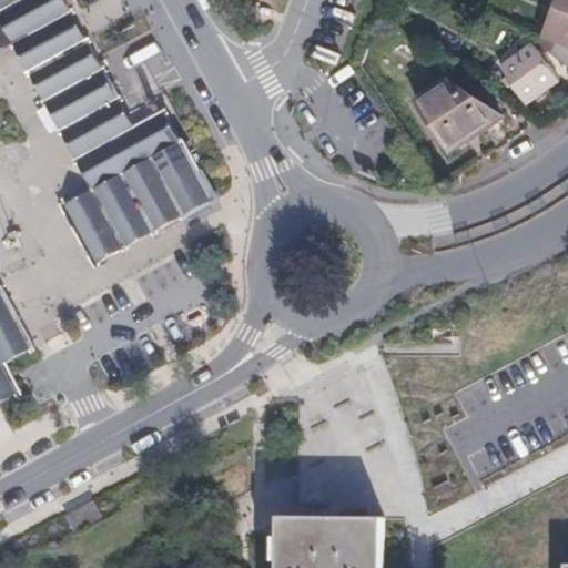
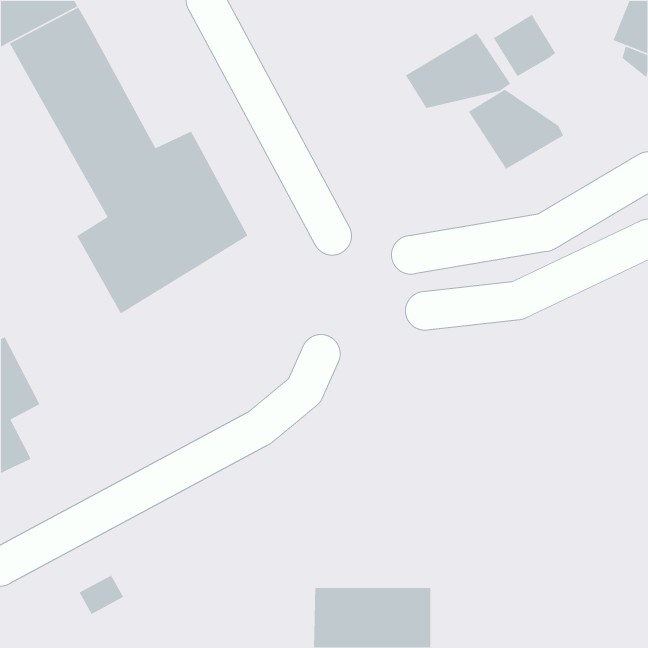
building: none -> [405,32,511,109]
building: [495,45,550,101] -> [493,14,556,77]

